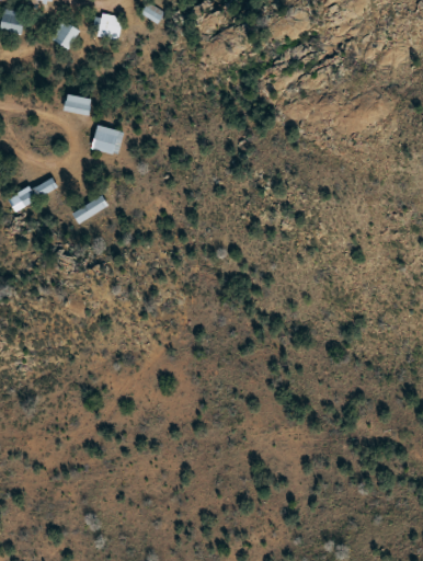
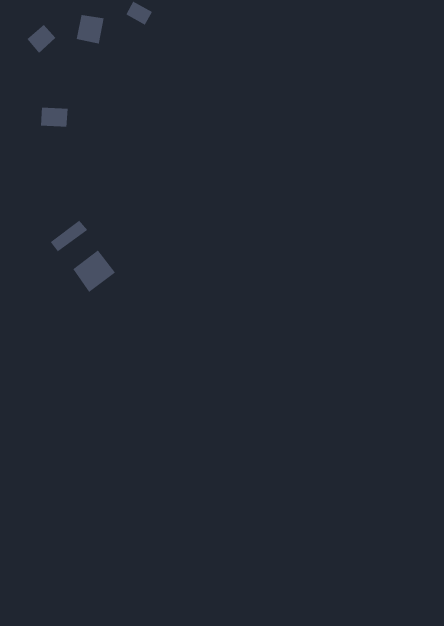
building: [90,124,124,154] -> none
building: none -> [72,249,116,293]

